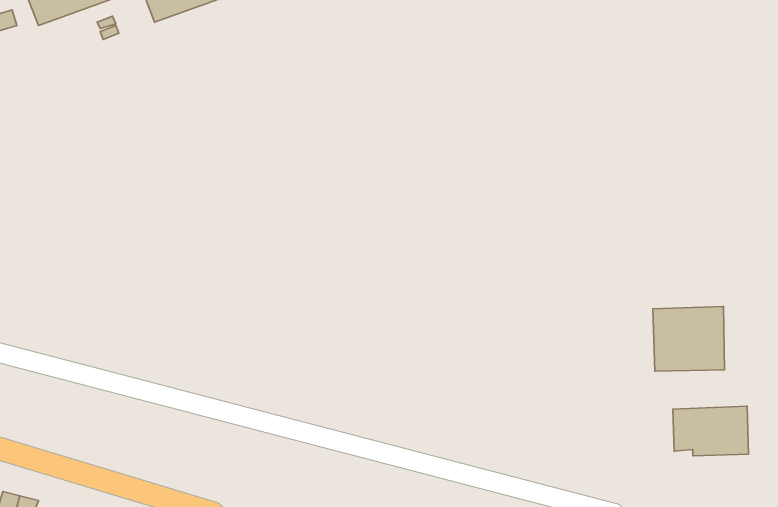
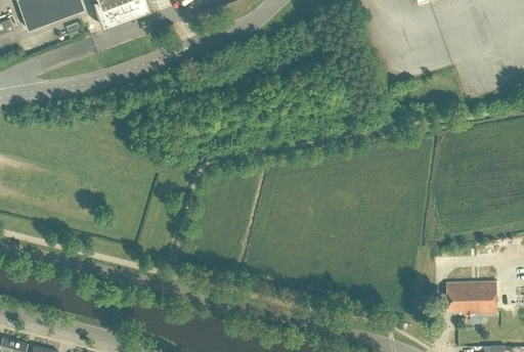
building: [653,307,725,371] -> none

